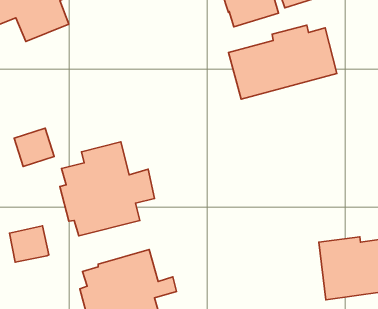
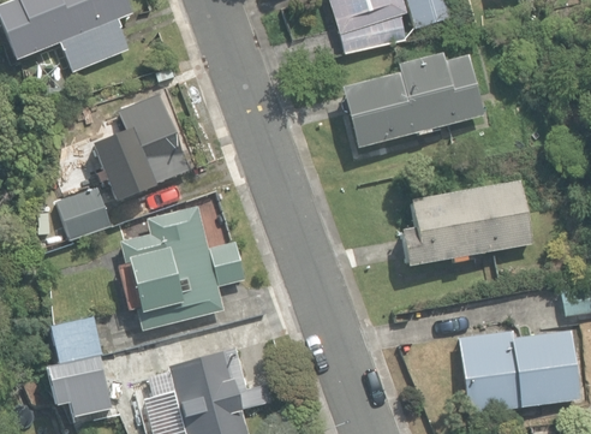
building: none -> [92,113,181,202]
building: none -> [401,180,532,266]
building: none -> [47,356,112,417]

